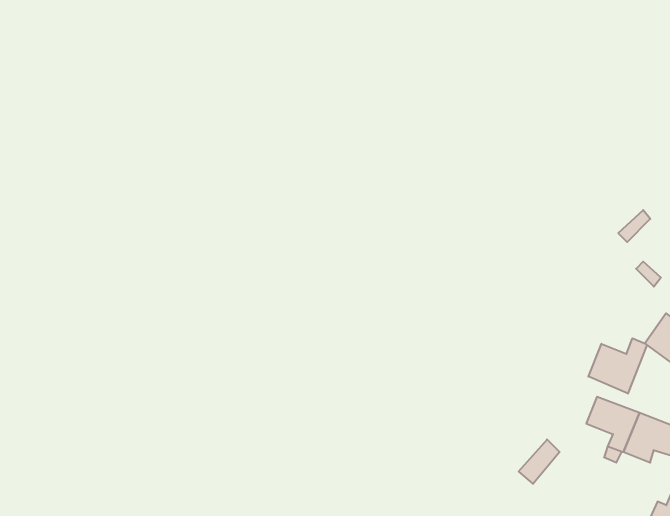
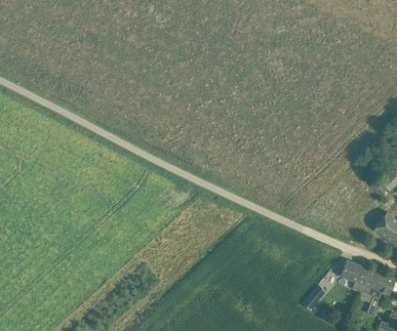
building: [588,338,647,394] -> none

